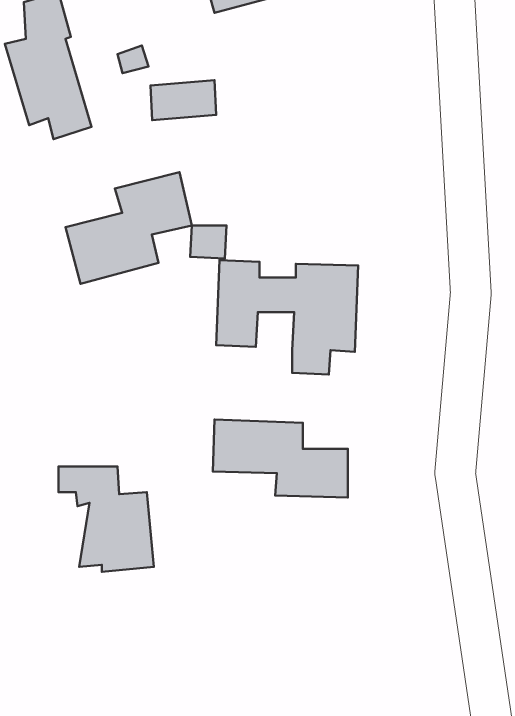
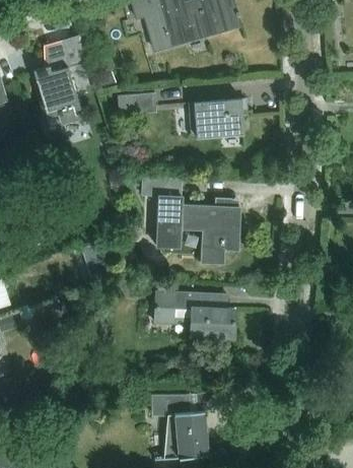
building: none -> [195,99,244,136]
building: [66,172,192,284] -> none
building: [58,466,154,572] -> [153,396,209,458]

